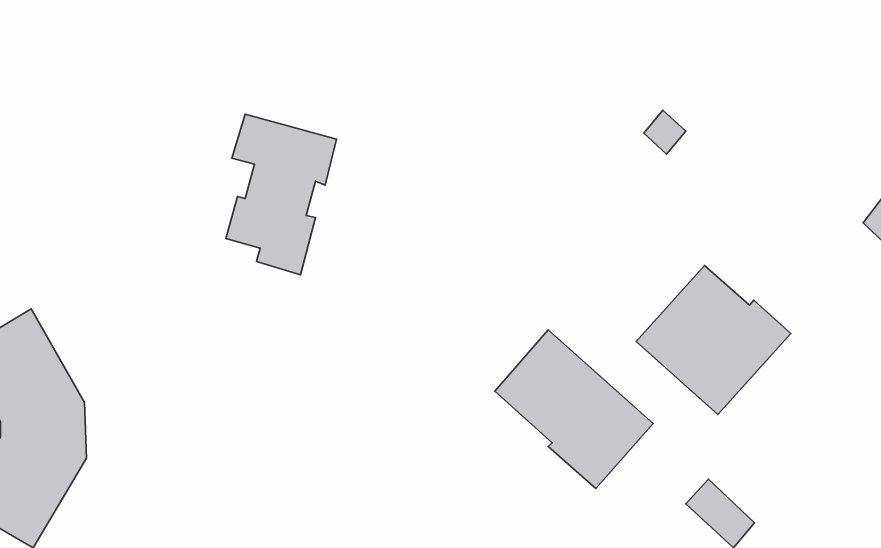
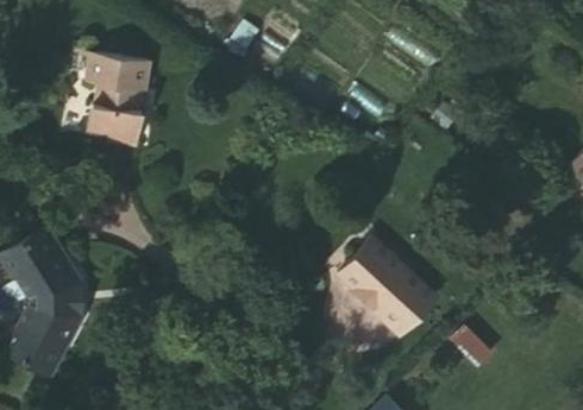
building: [226,114,337,275] -> [87,49,156,149]
building: [636,266,791,415] -> none

